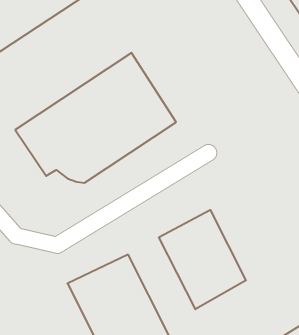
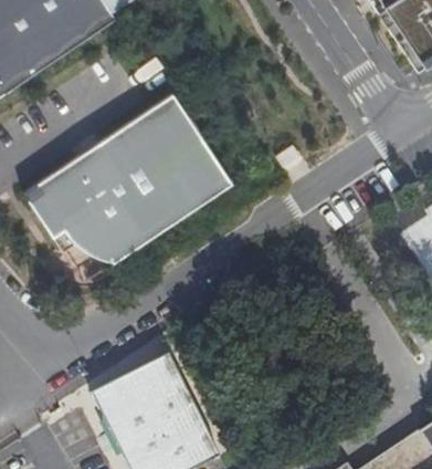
building: [159,210,246,309] -> none

